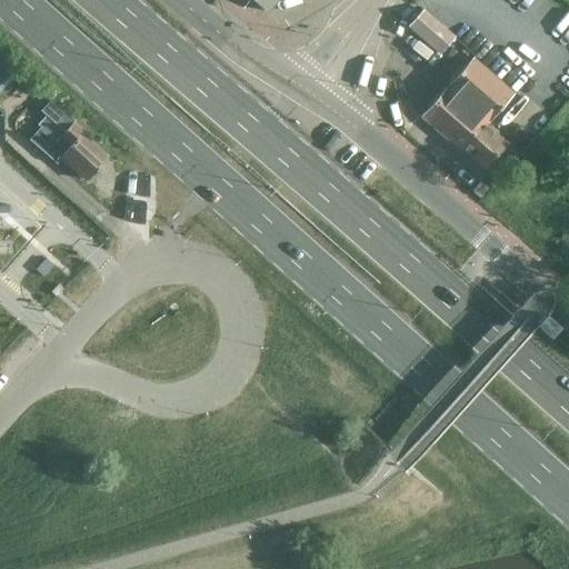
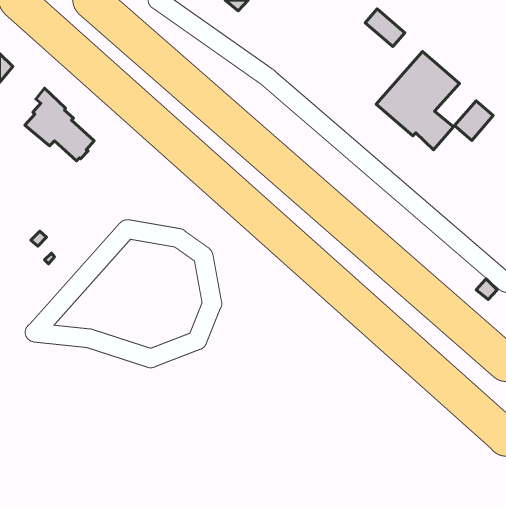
building: none -> [455,101,493,140]

